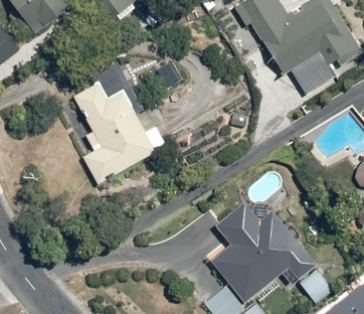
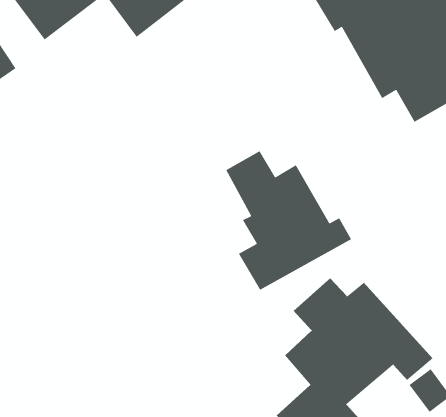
building: [73,81,165,182] -> [225,150,352,291]

